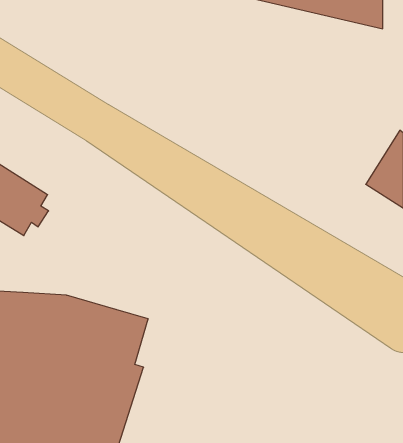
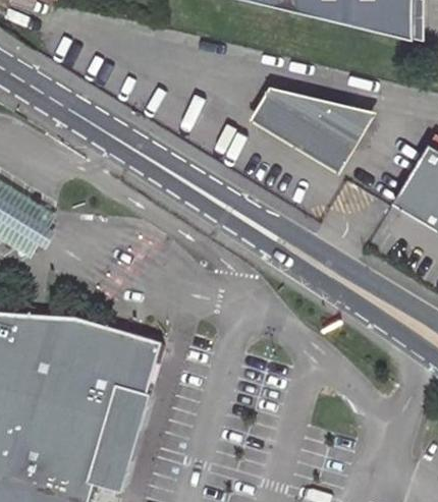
building: none -> [250,87,374,173]

